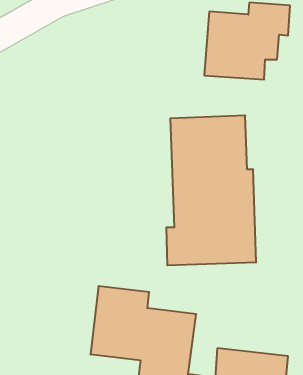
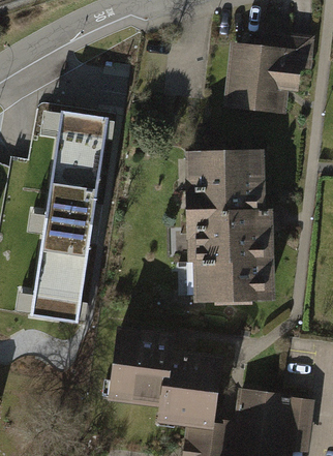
building: none -> [27,110,103,323]

